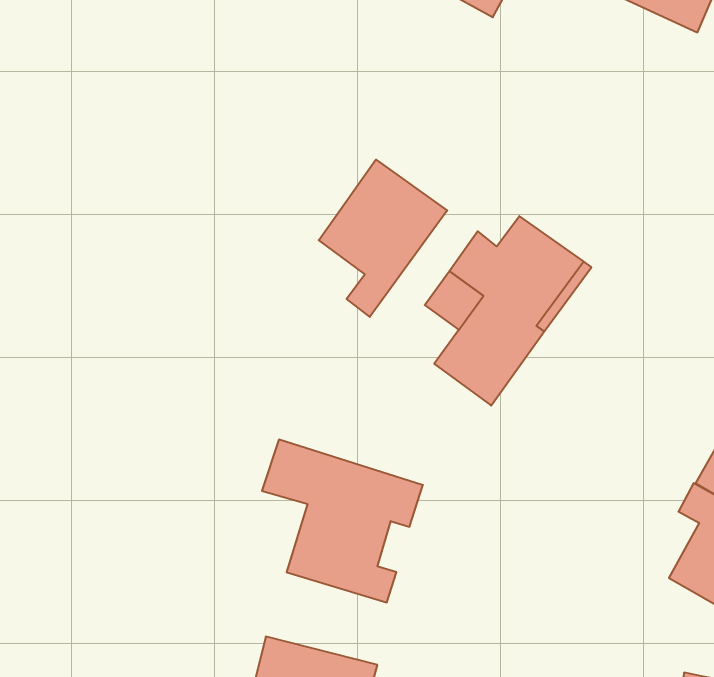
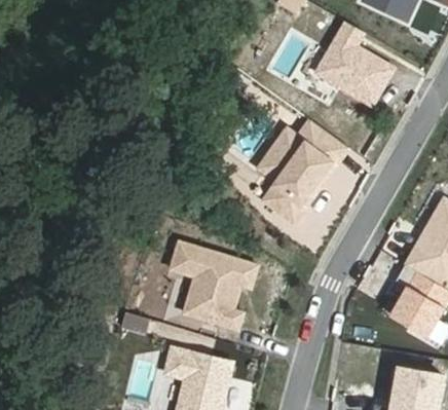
building: none -> [314,20,394,104]
building: [319,160,447,317] -> none

